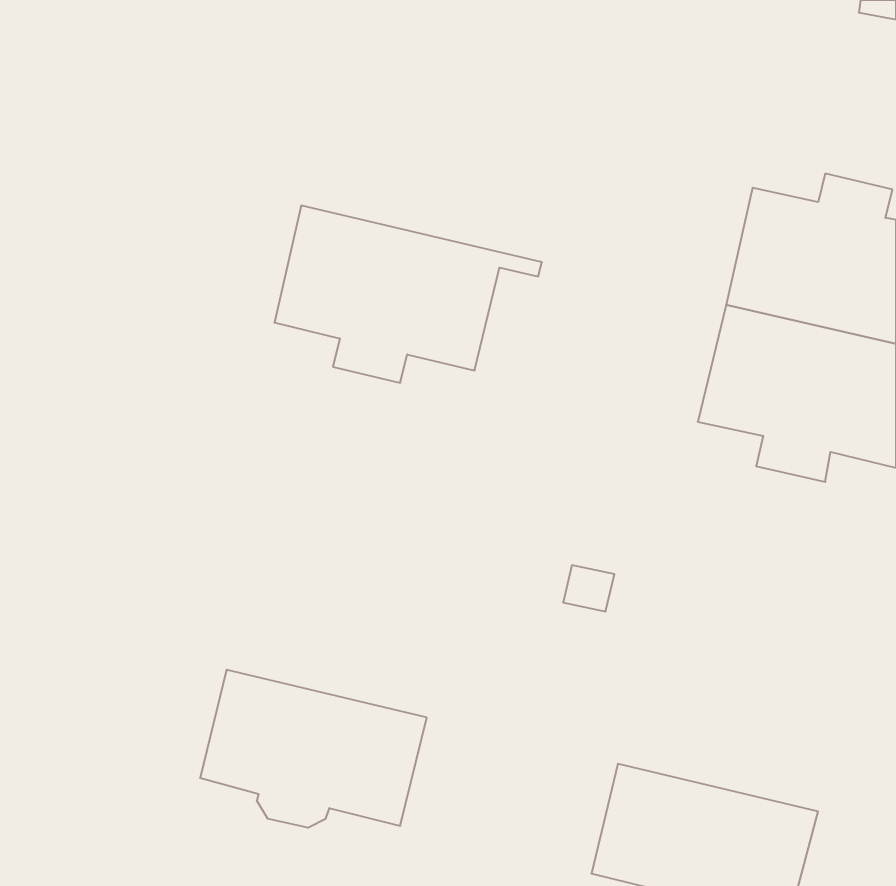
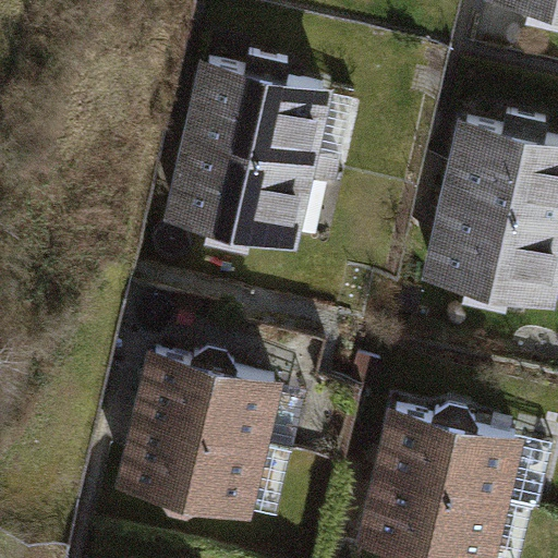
building: none -> [185,58,336,172]
building: none -> [140,353,278,453]
building: none -> [380,411,519,511]

